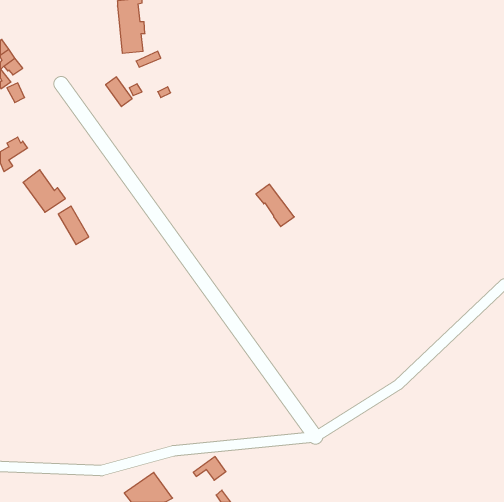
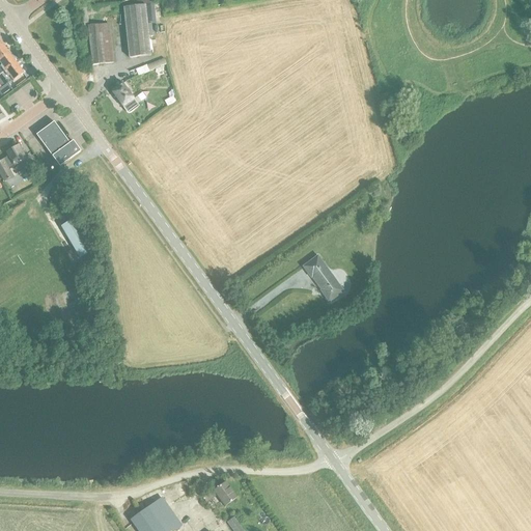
building: none -> [87,23,113,63]
building: [23,170,65,212] -> [36,120,81,165]
building: [256,184,294,227] -> [303,255,343,300]

